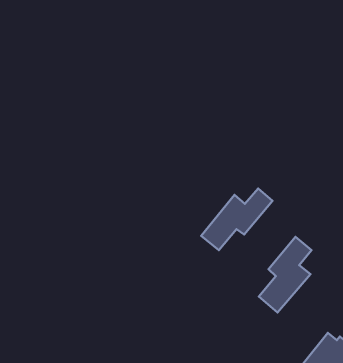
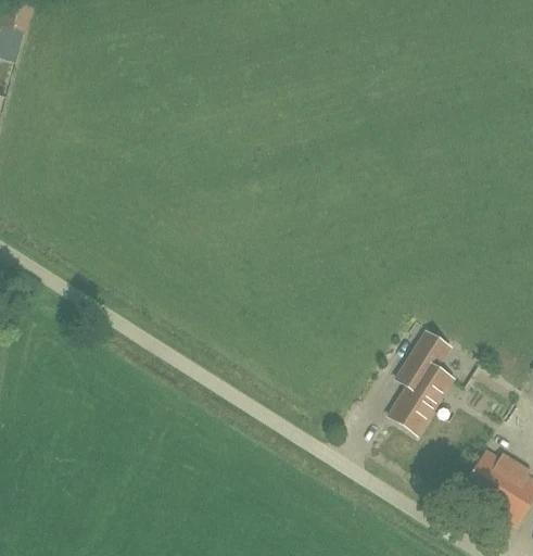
building: [201,188,273,250] -> none

